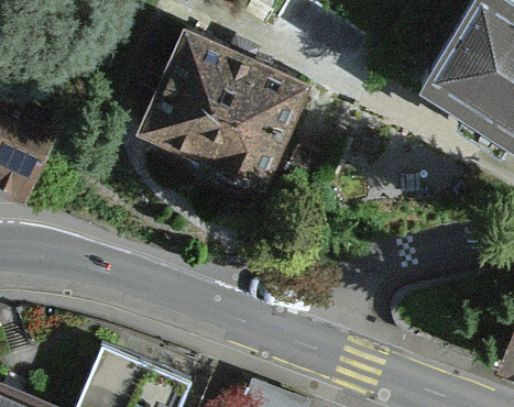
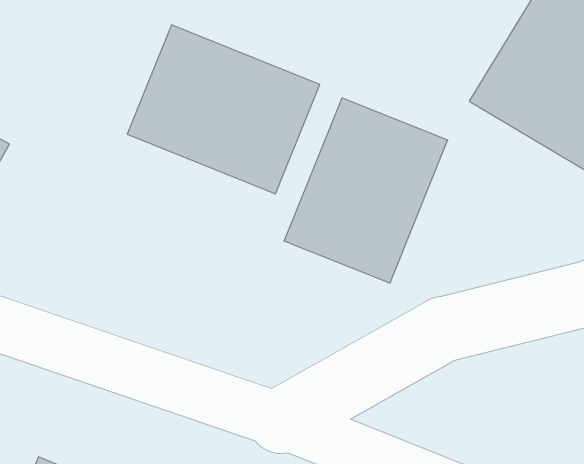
building: none -> [284,98,448,283]

